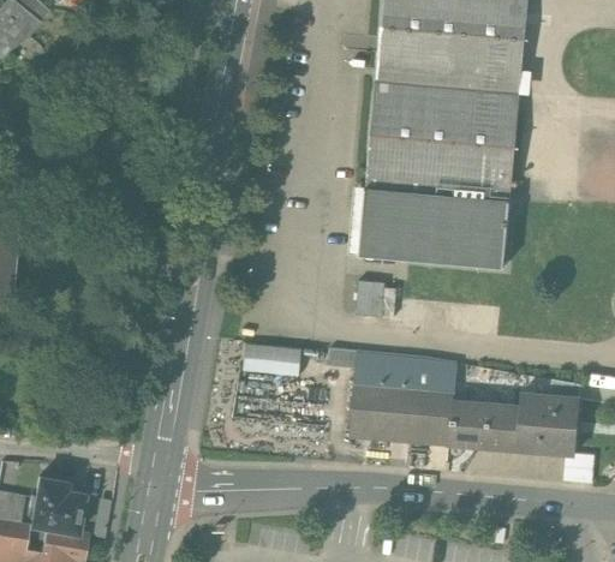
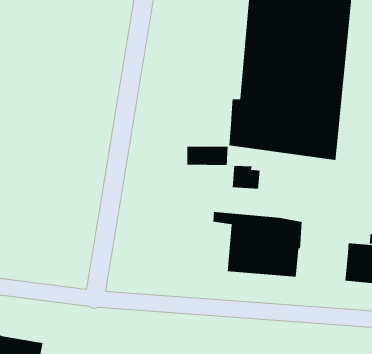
building: [239,343,299,372] -> [186,146,228,166]
building: [447,402,519,448] -> none
building: [29,477,83,534] -> none

